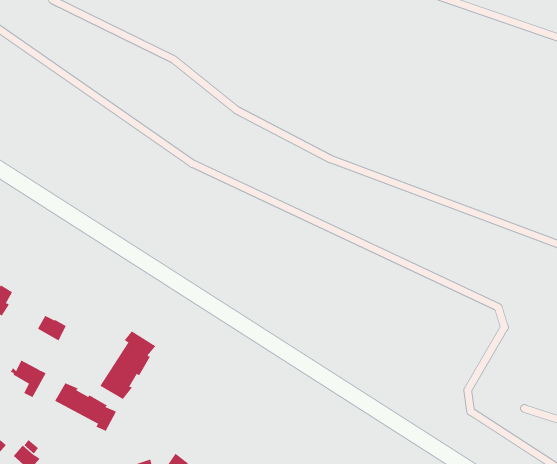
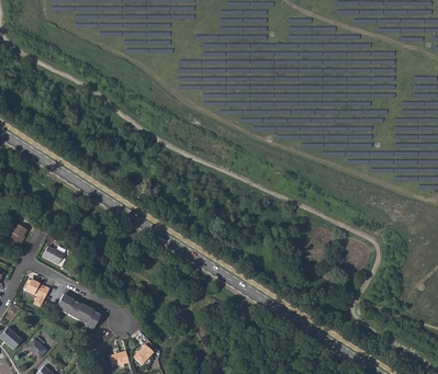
building: [100,331,156,400] -> none

